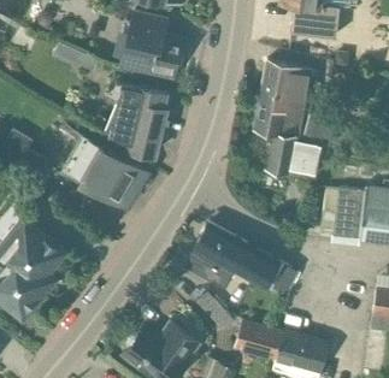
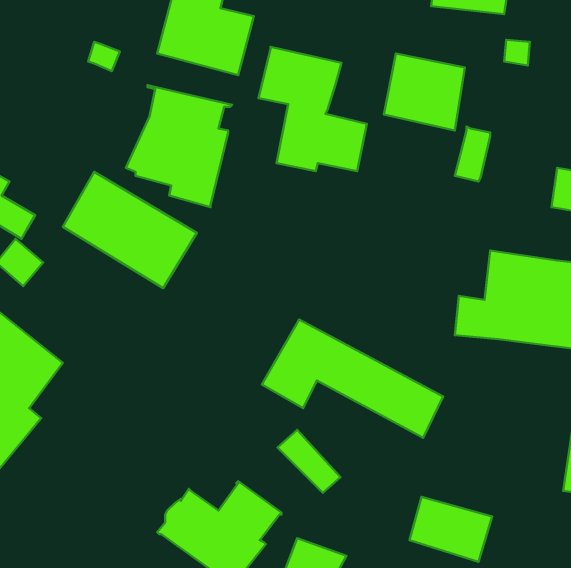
building: [254,99,320,175] -> [259,47,367,171]
building: [235,320,284,359] -> none

